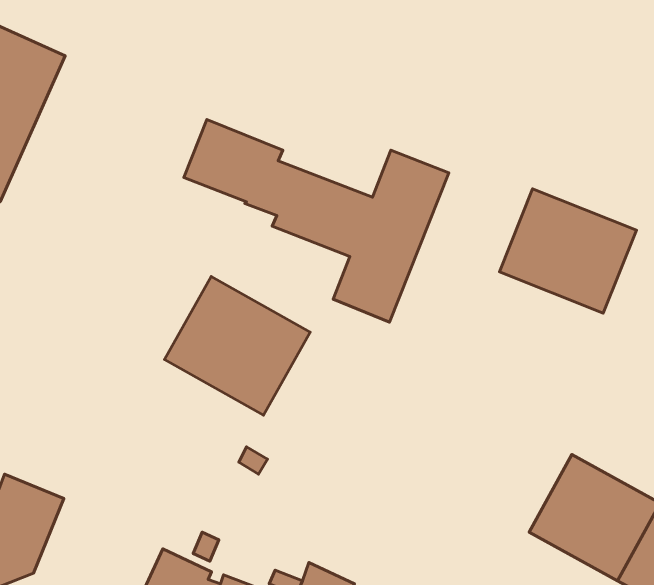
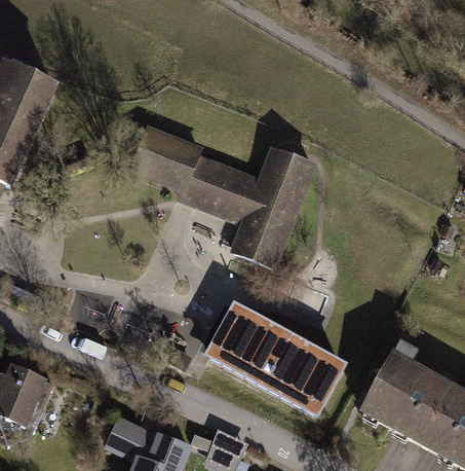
building: [499,189,636,313] -> none
building: [165,277,310,415] -> none
building: none -> [200,302,344,414]

